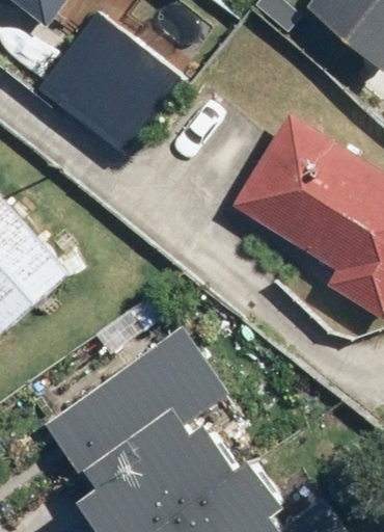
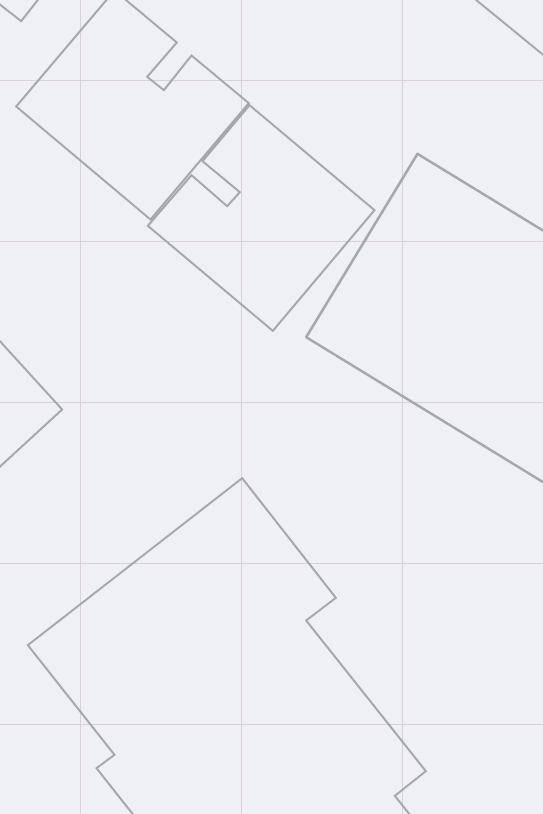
building: none -> [148,105,374,331]

